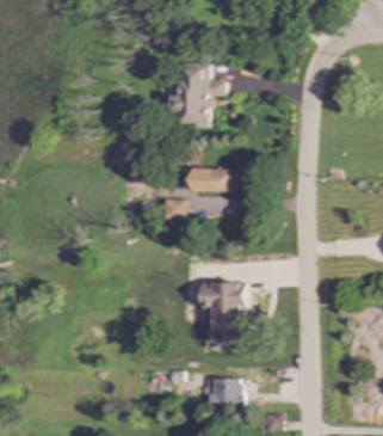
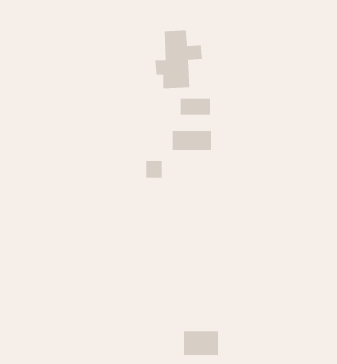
building: none -> [180,98,211,116]
building: [202,281,246,345] -> none

